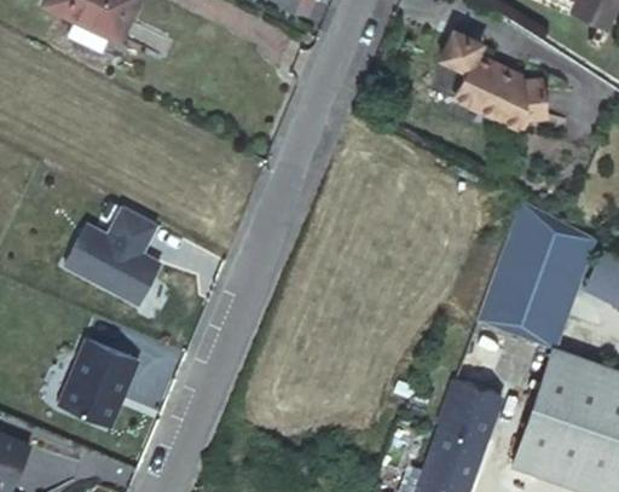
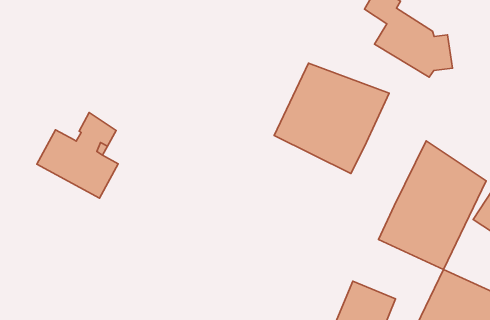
building: none -> [274,63,389,174]
building: [58,338,137,426] -> none

